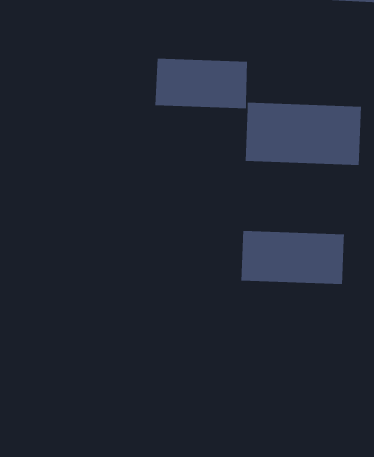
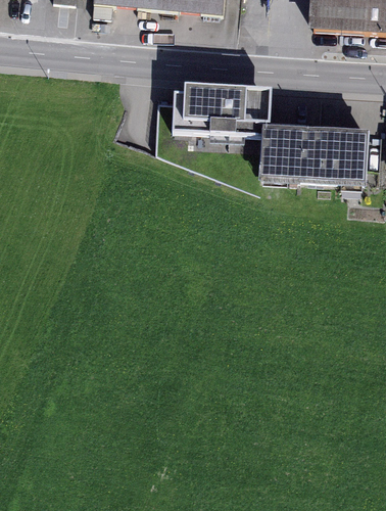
building: [241,230,345,285] -> none

